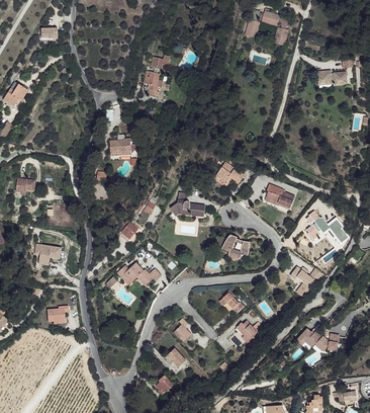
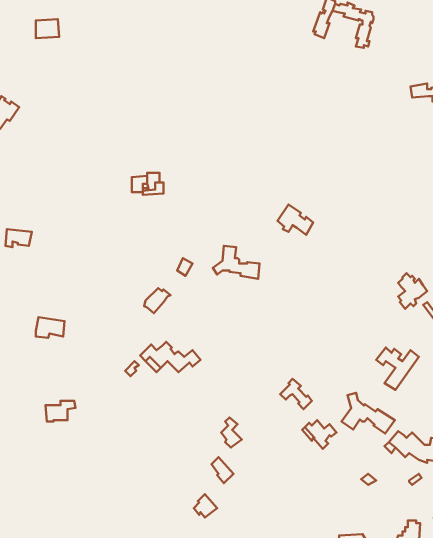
building: [144,56,169,97] -> none
building: [266,184,294,210] -> none
building: [221,235,249,258] -> none
building: none -> [341,393,395,434]

